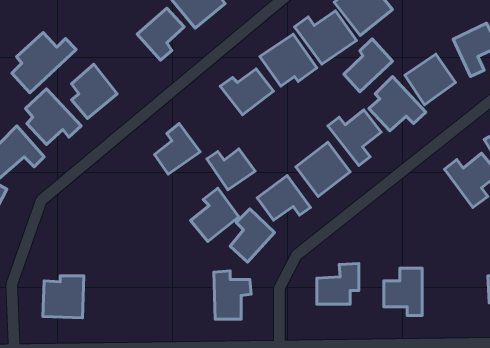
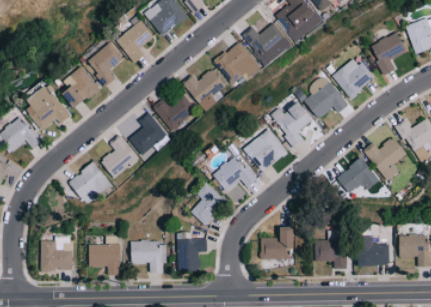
building: [12,32,76,93] -> none
building: none -> [86,42,124,86]
building: [344,39,392,92] -> none
building: [207,149,255,190] -> [154,98,193,131]
building: none -> [337,158,380,194]
building: none -> [68,161,112,205]
building: [191,188,239,241] -> [100,135,139,178]
building: none -> [89,235,120,275]
building: none -> [359,240,389,266]
building: none -> [130,241,164,272]

